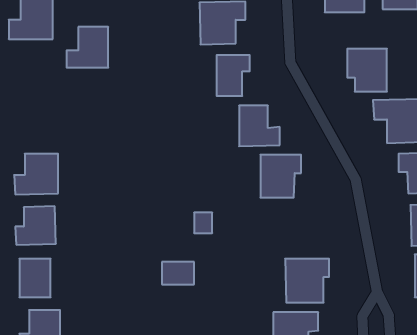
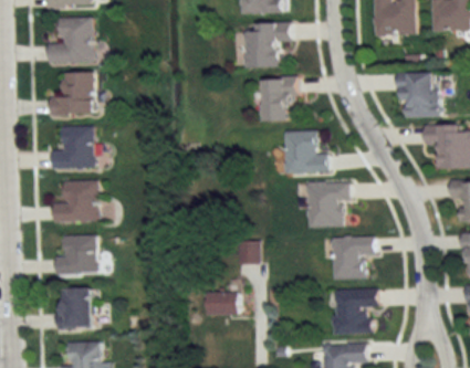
building: [67,27,108,68] -> [49,72,92,114]
building: none -> [51,125,93,167]
building: none -> [332,235,374,278]

